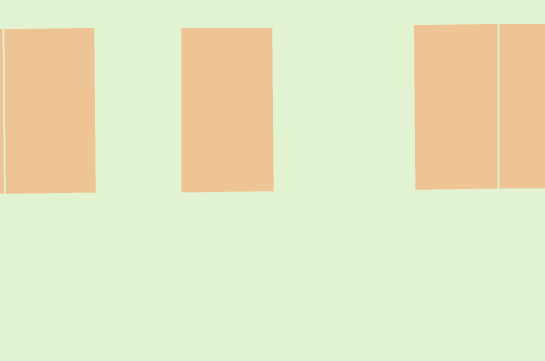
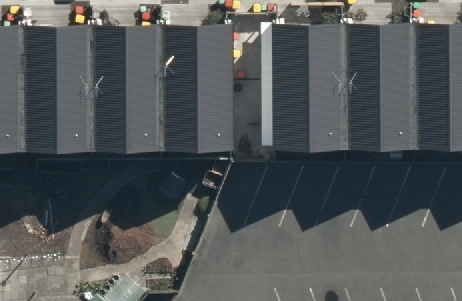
building: none -> [271,22,344,152]
building: none -> [93,24,160,154]

